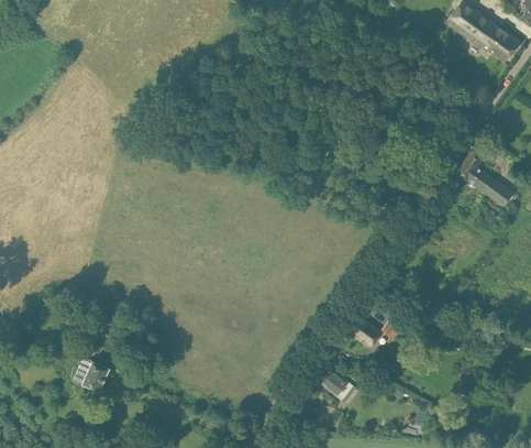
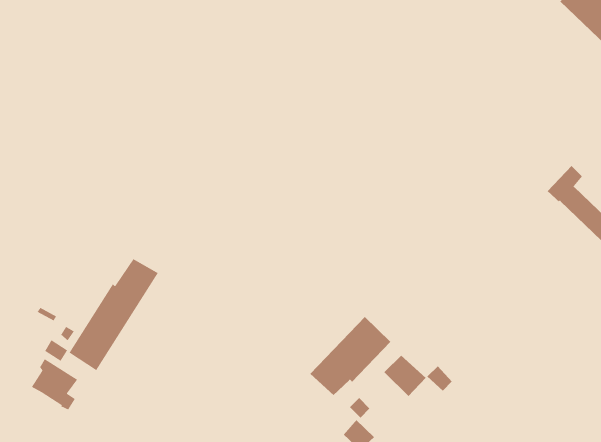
building: none -> [69,258,159,371]
building: none -> [310,316,391,396]

